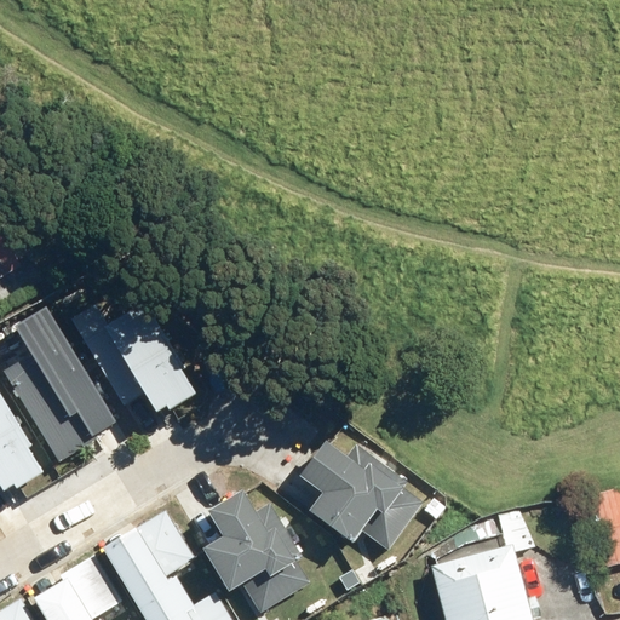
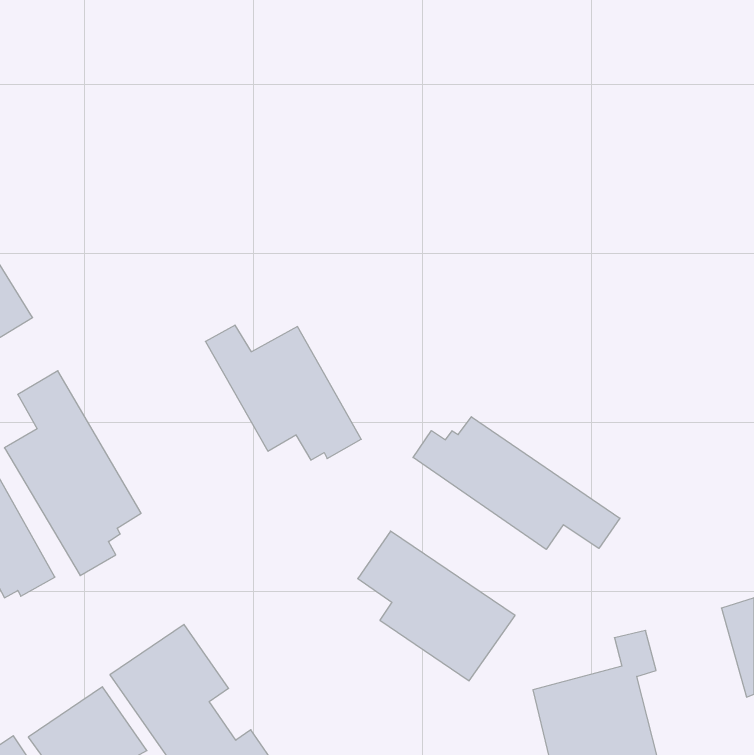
building: [70,302,197,412] -> [205,325,361,460]
building: none -> [413,417,620,549]
building: [201,489,310,609] -> none

